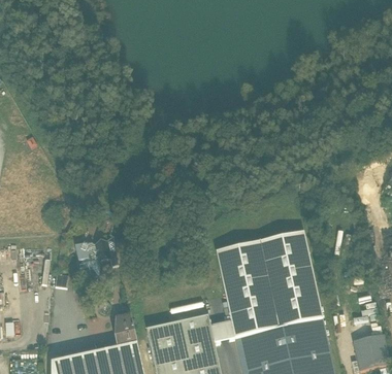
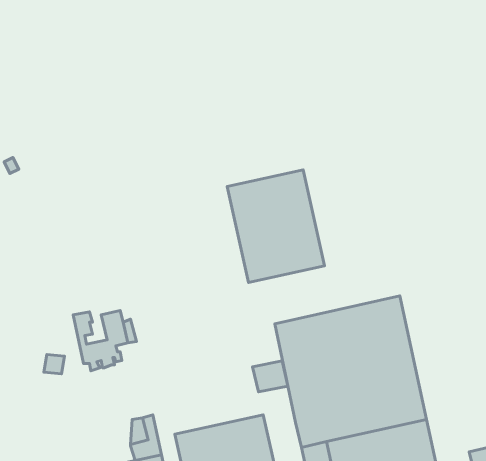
building: none -> [227,170,325,283]
building: [209,319,234,341] -> [253,361,288,392]

